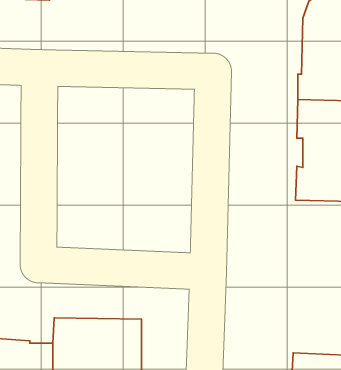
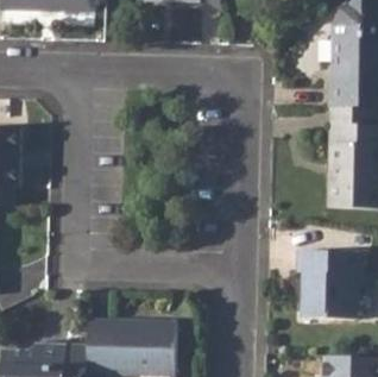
building: none -> [296,250,361,316]

